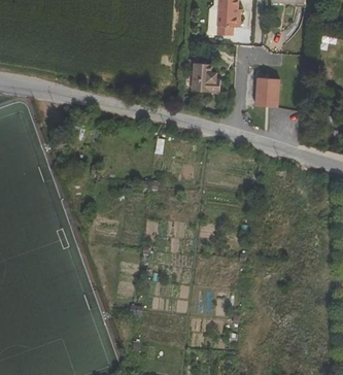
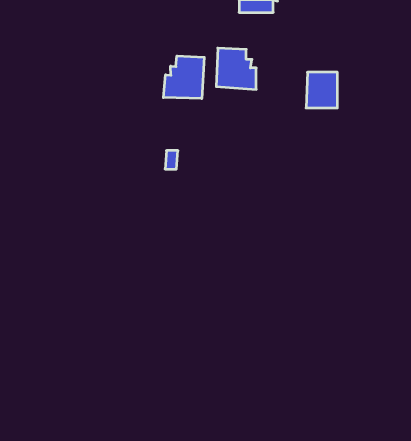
building: none -> [163,56,204,99]

